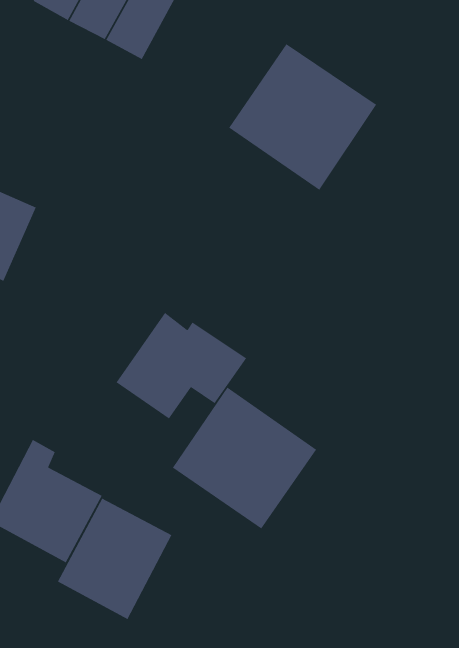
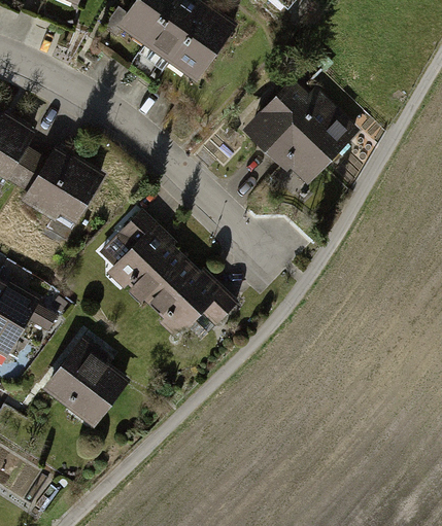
building: none -> [107,209,185,305]
building: [172,386,317,530] -> none
building: [57,497,173,620] -> none

